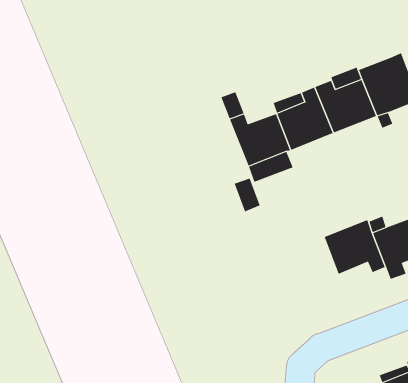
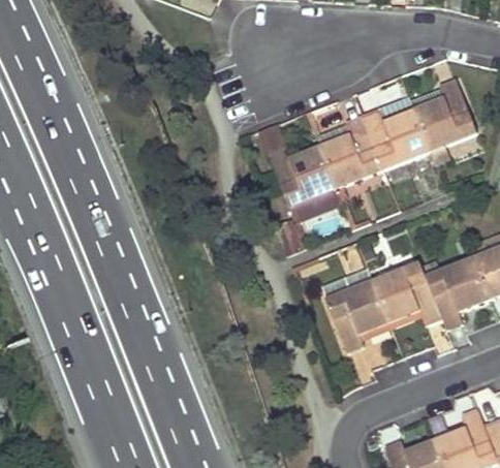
building: none -> [323,269,389,350]

